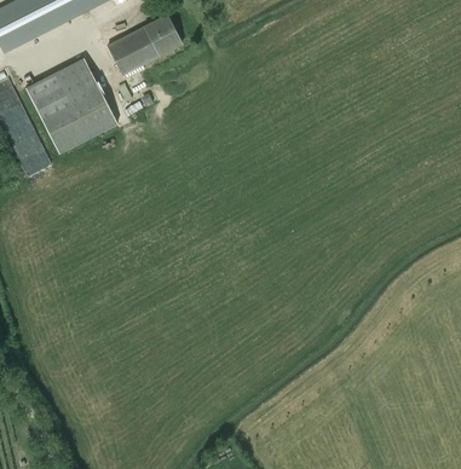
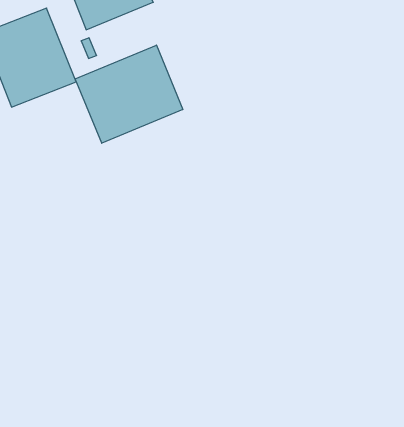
building: none -> [75,45,183,143]

